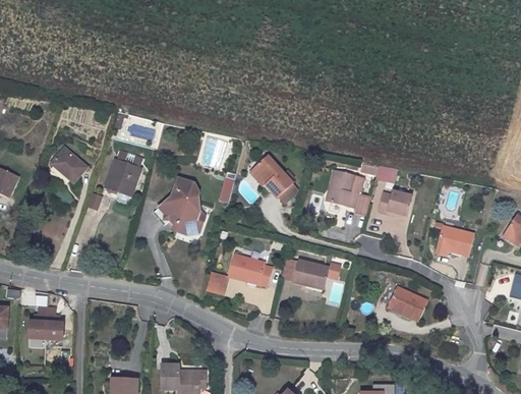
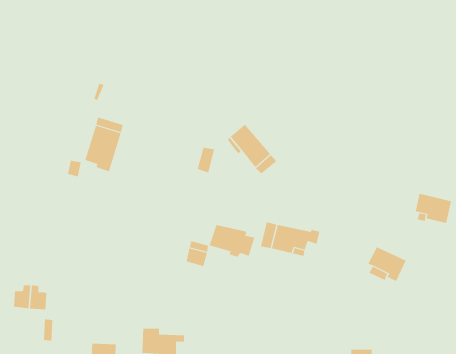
building: [50,146,85,180] -> none
building: [329,169,366,211] -> none
building: [153,175,204,233] -> none
building: [377,192,412,218] -> none

